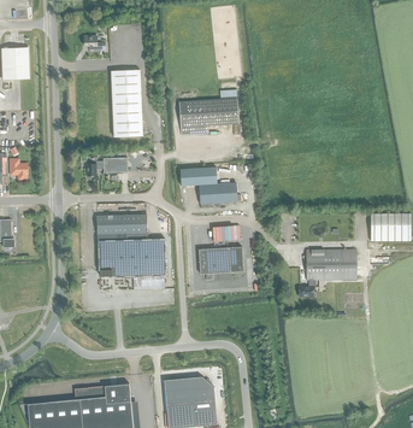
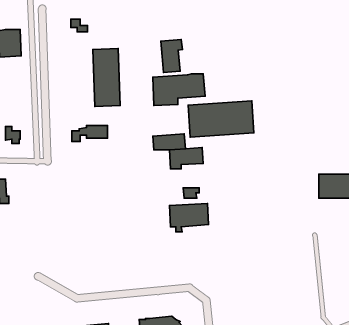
building: none -> [161,39,183,73]
building: none -> [188,101,254,137]
building: [98,213,165,275] -> none
building: [299,248,356,297] -> none

